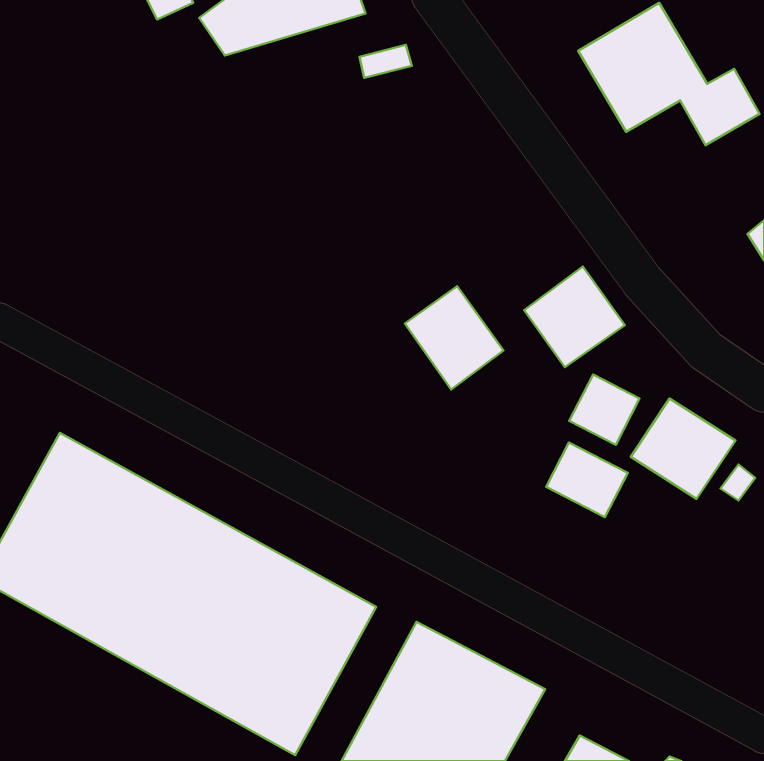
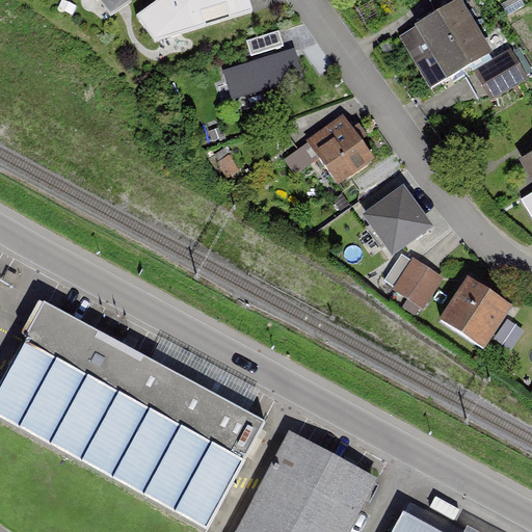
building: none -> [224,52,302,100]
building: [405,286,504,389] -> [308,114,376,186]
building: [546,443,628,517] -> none

